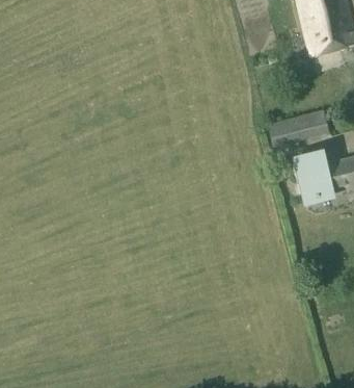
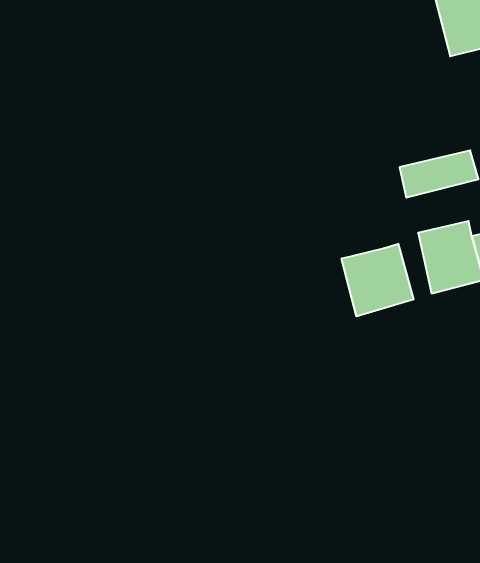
building: none -> [342,244,414,316]

